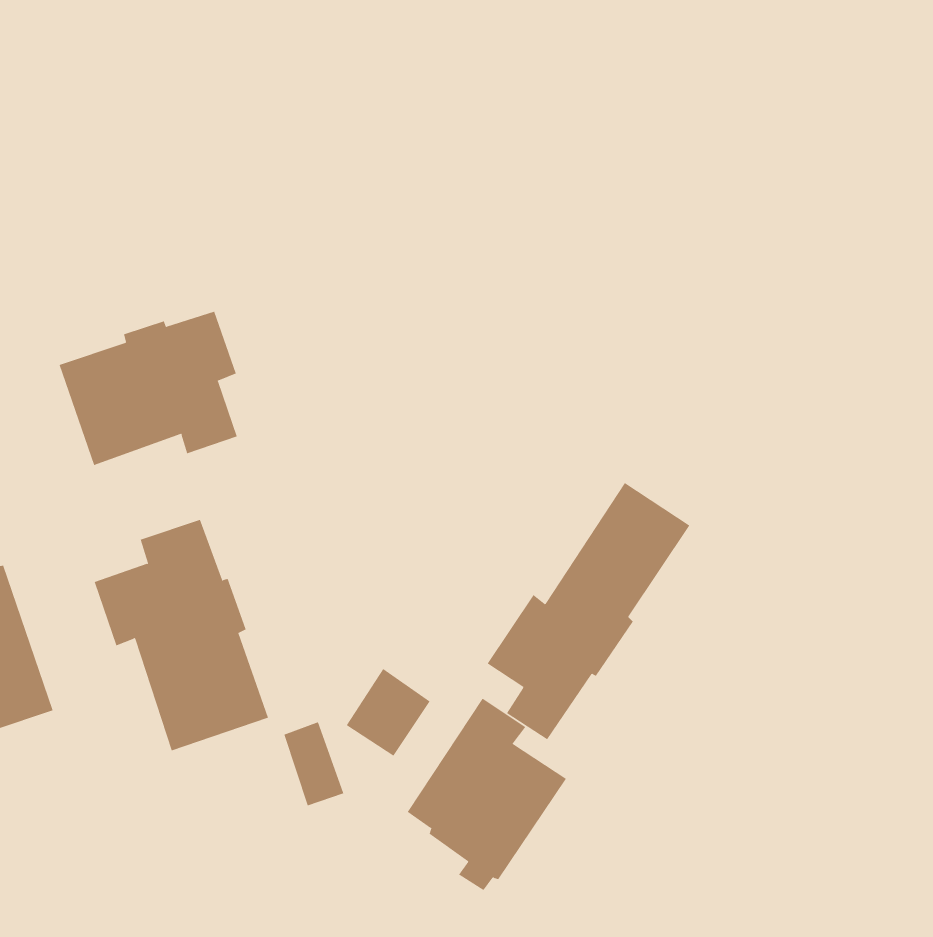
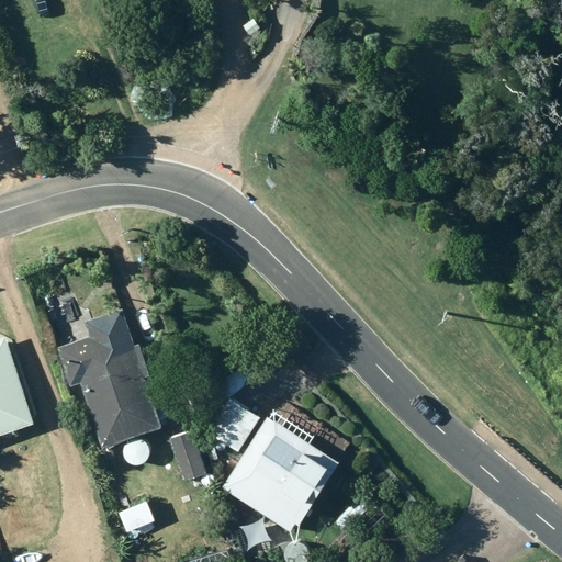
building: [59,311,237,466] -> none
building: [487,482,690,740] -> none

